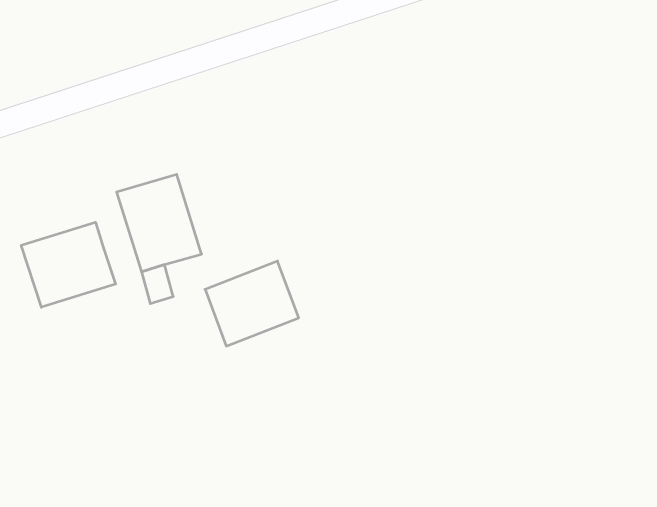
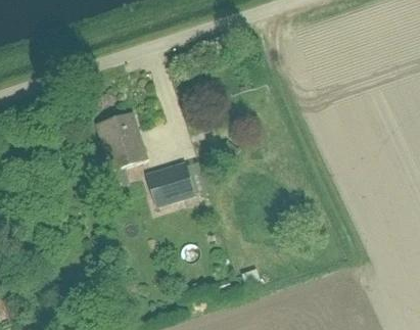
building: [21,222,116,307] -> none

